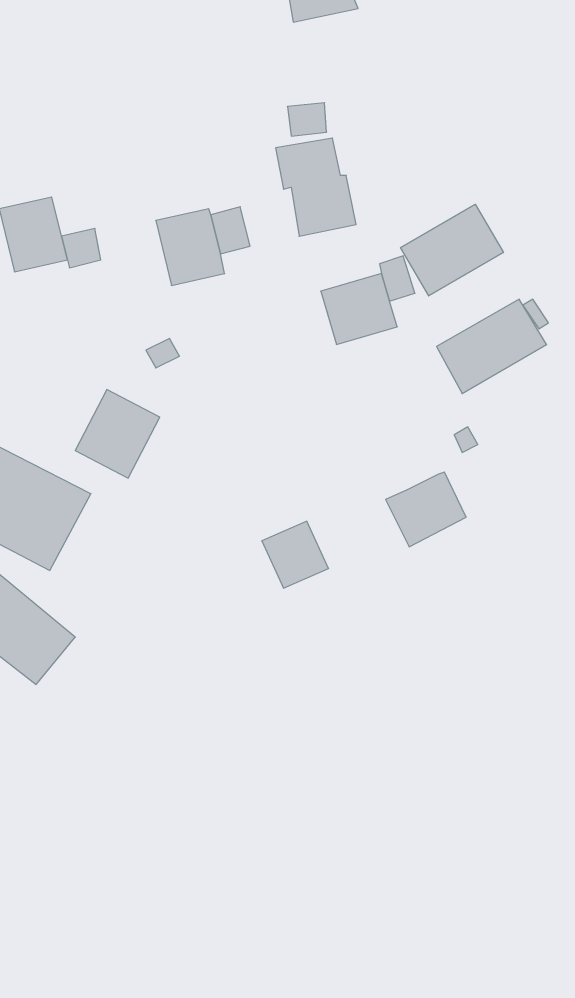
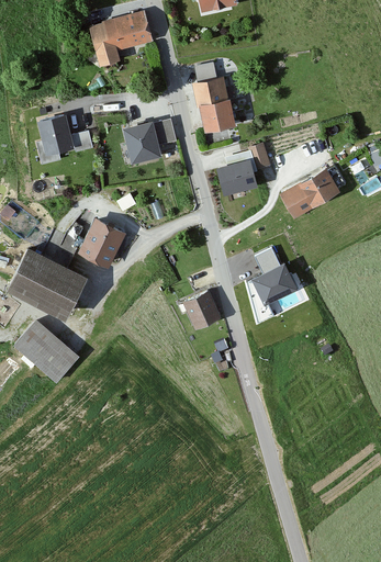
building: none -> [89,12,152,65]
building: [401,204,503,296] -> none
building: none -> [254,247,281,274]

